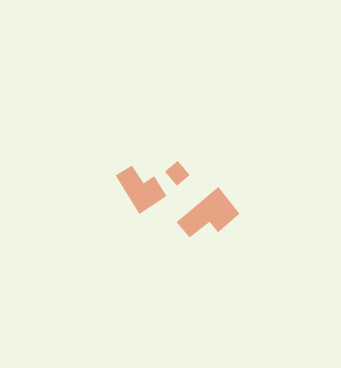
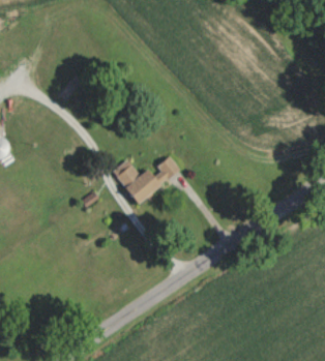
building: [175,186,241,239] -> none

